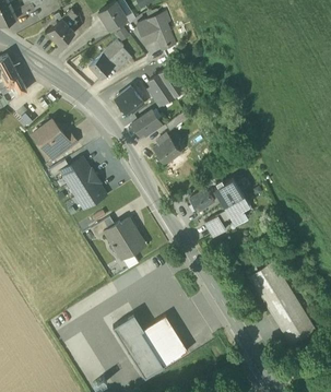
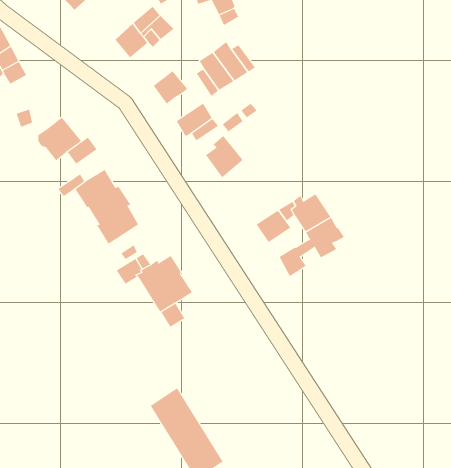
building: [248,261,315,343] -> none
building: [142,313,188,365] -> none

